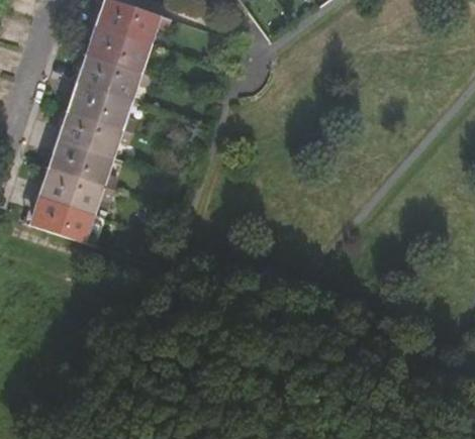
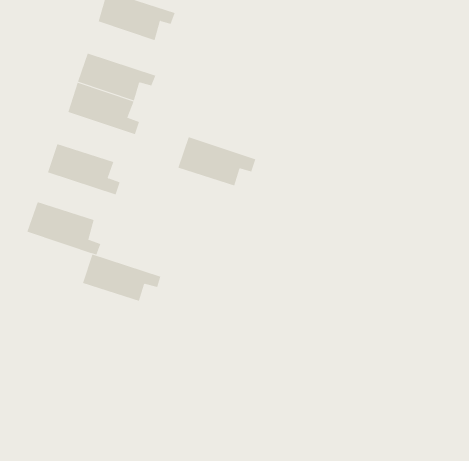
building: [86,26,153,77] -> none
building: [58,111,131,157] -> [177,137,256,186]
building: [39,168,113,212] -> [82,254,161,301]

